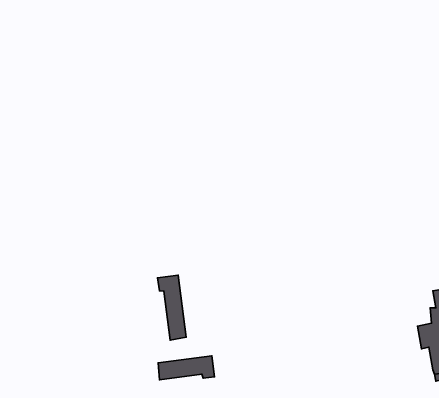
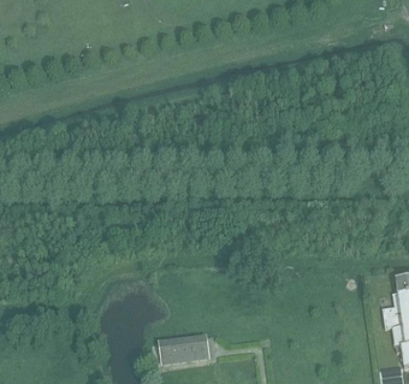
building: [158,275,186,340] -> none

